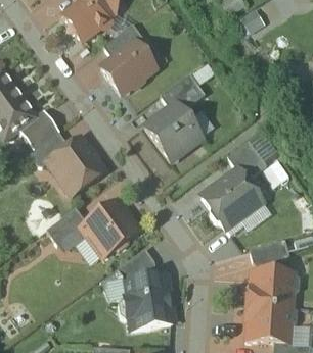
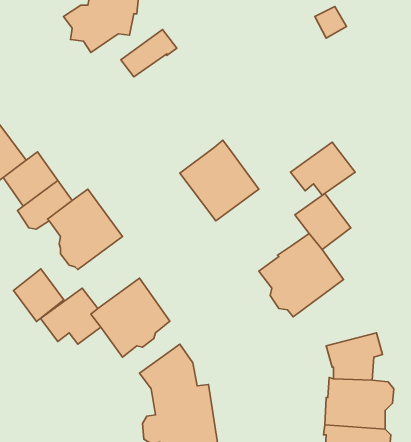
building: [101,41,155,93] -> none
building: [160,72,206,110] -> [291,142,355,195]
building: none -> [13,269,64,321]

